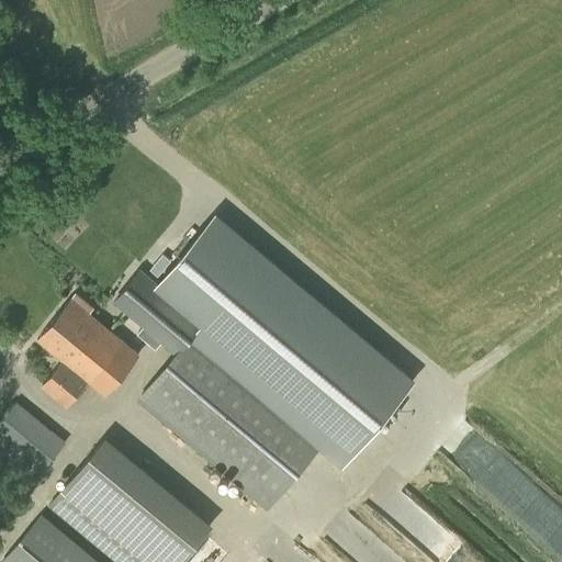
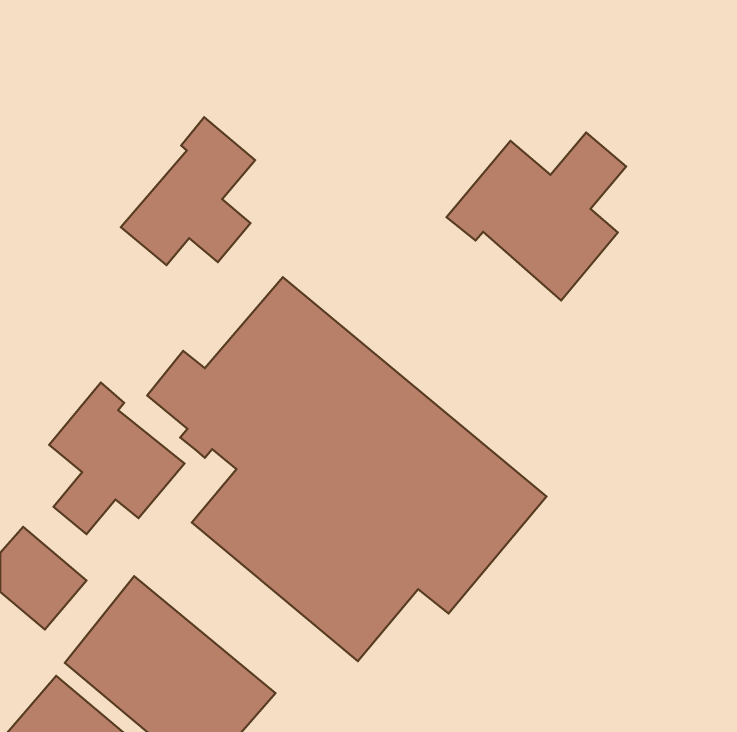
building: none -> [121,117,255,265]
building: none -> [447,132,626,300]

